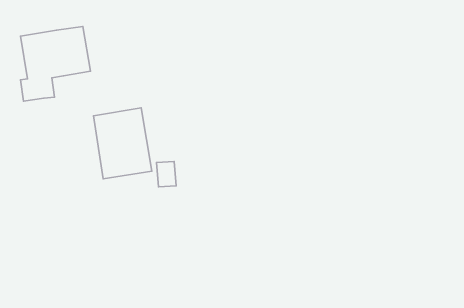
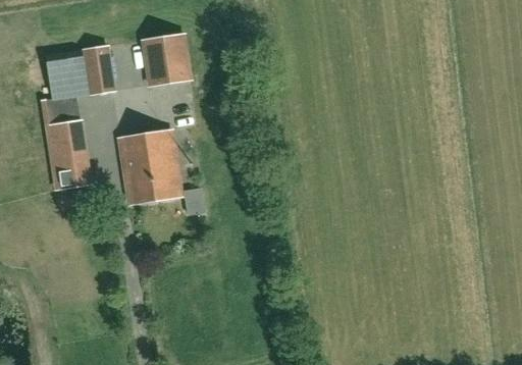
building: none -> [141,32,194,87]
building: none -> [46,117,91,189]

